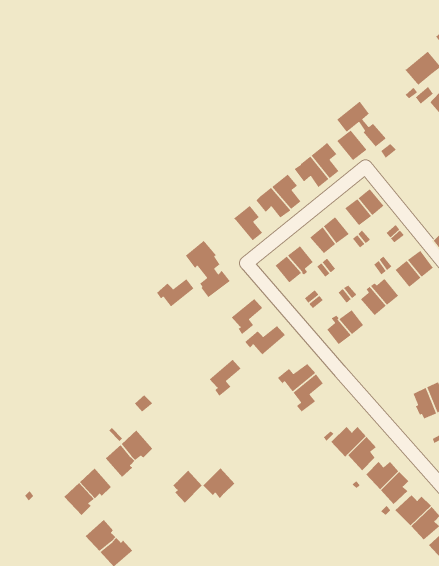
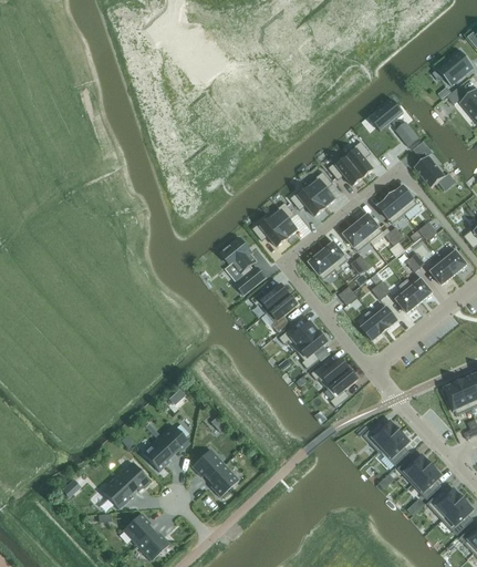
building: [336,130,368,161] -> [415,156,446,187]
building: none -> [253,218,288,247]
building: [156,278,194,308] -> [252,285,290,313]
building: [209,359,242,397] -> [298,331,330,369]
building: [203,468,235,499] -> [193,449,225,480]

